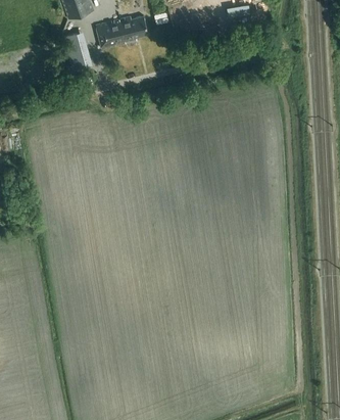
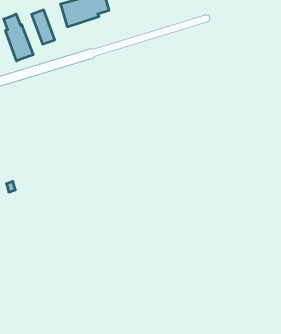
building: none -> [4,14,33,61]

